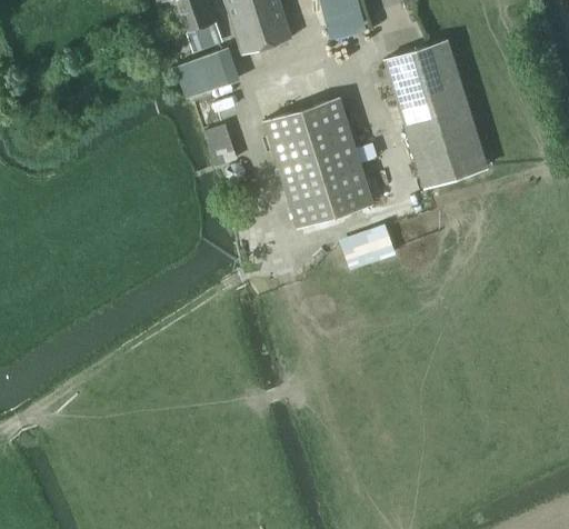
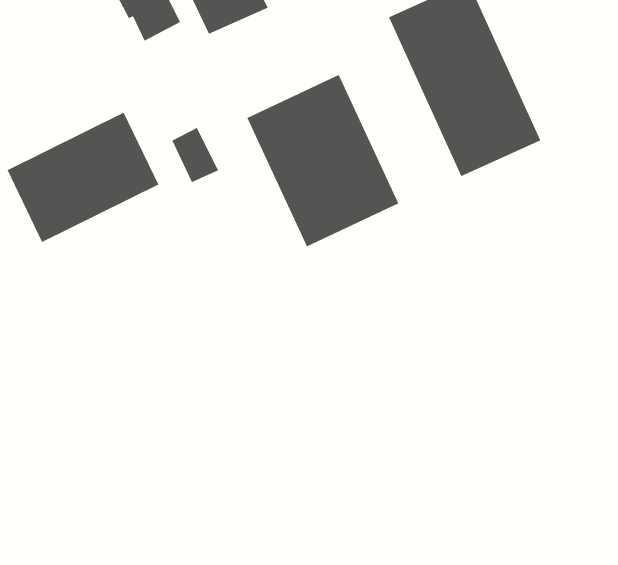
building: [176,50,230,99] -> none
building: none -> [7,112,159,243]
building: [340,223,397,270] -> none

